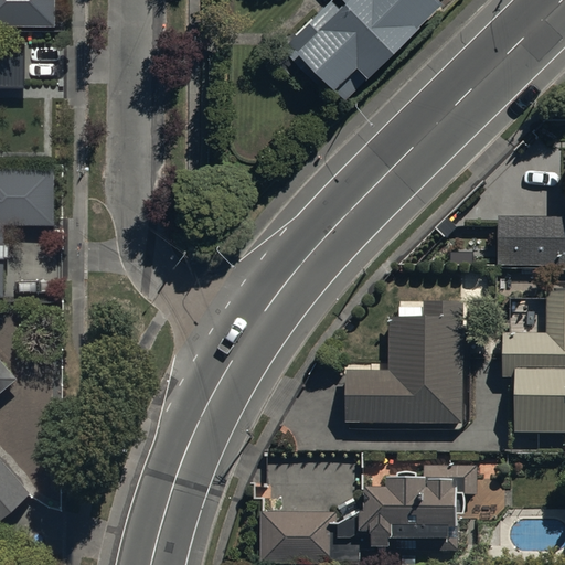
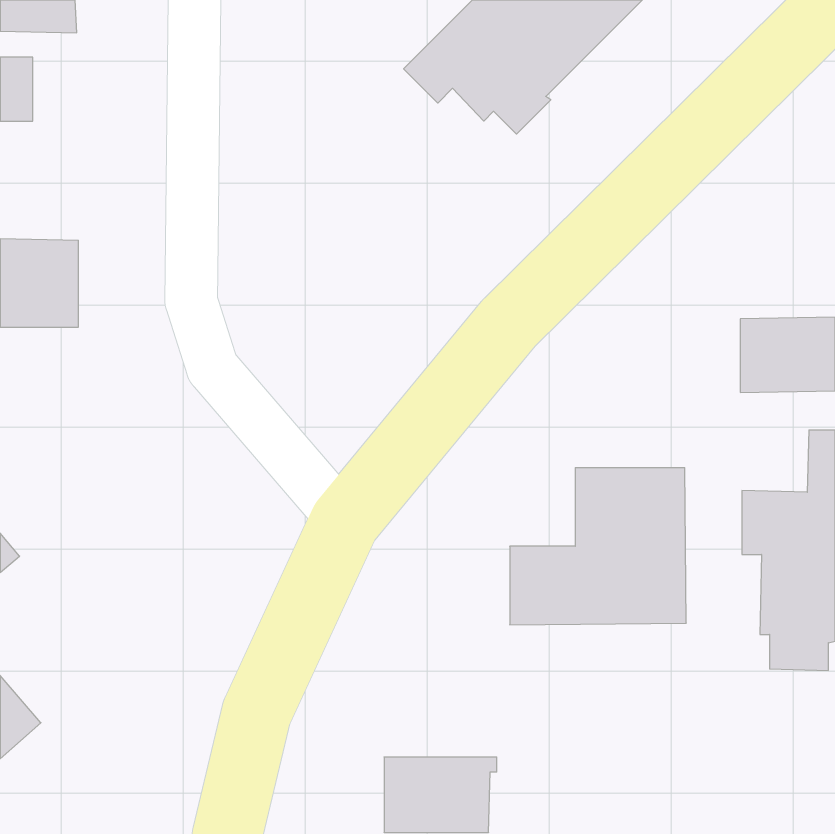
building: [360,465,476,550] -> none

